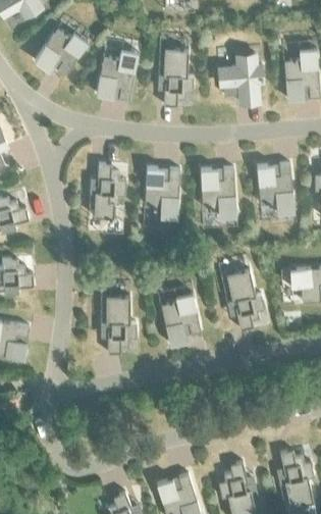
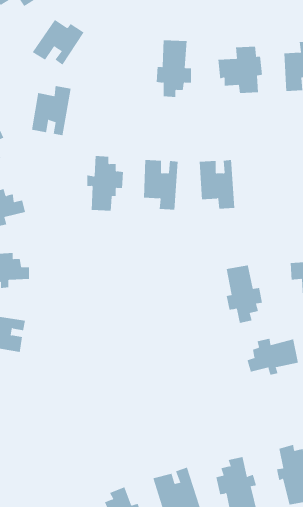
building: [97,49,137,99] -> [31,85,71,136]
building: [256,162,293,211] -> none
building: [160,292,200,344] -> none
building: [100,293,136,352] -> none
building: none -> [247,338,299,375]

